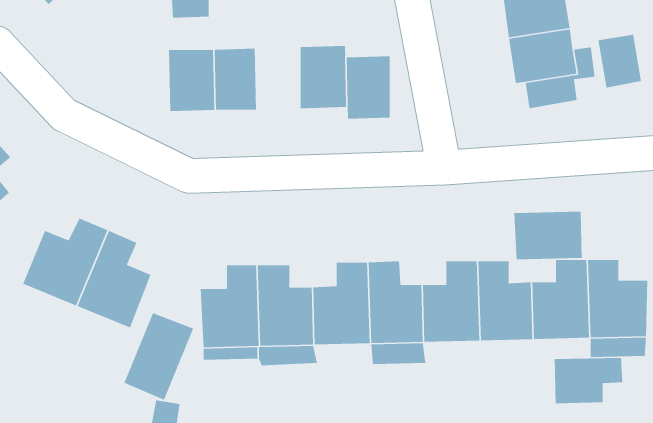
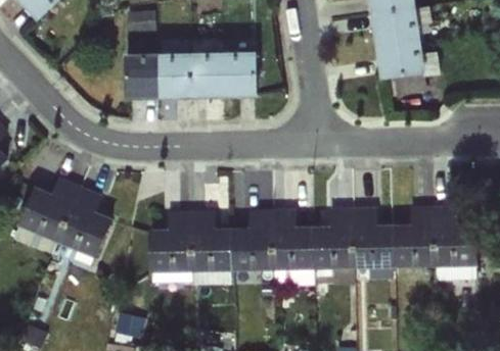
building: [597,34,642,89] -> none
building: [346,55,390,119] -> [189,52,222,99]
building: [514,211,582,260] -> none
building: [123,312,194,401] -> none
building: [554,357,623,404] -> none

